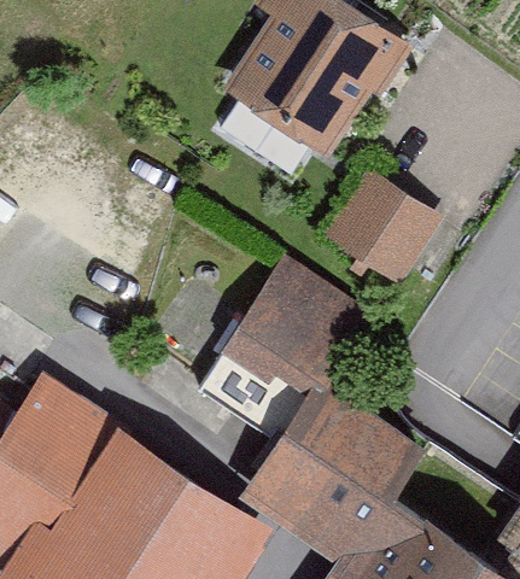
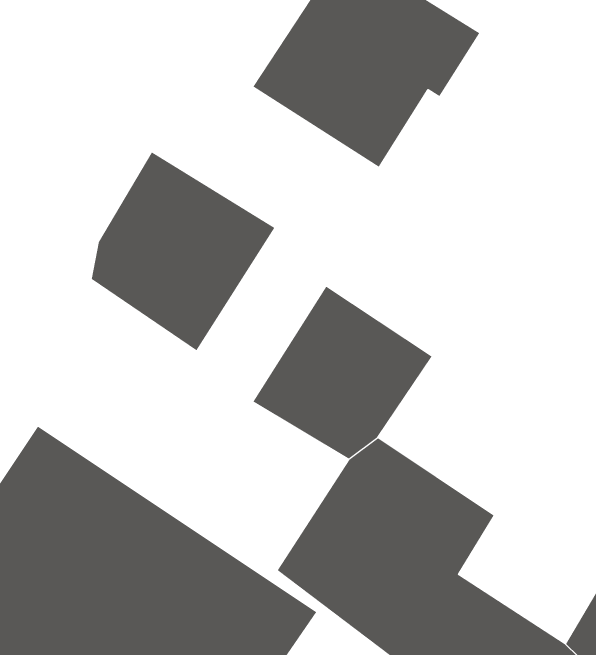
building: none -> [91,152,275,351]
building: [323,171,442,287] -> none

